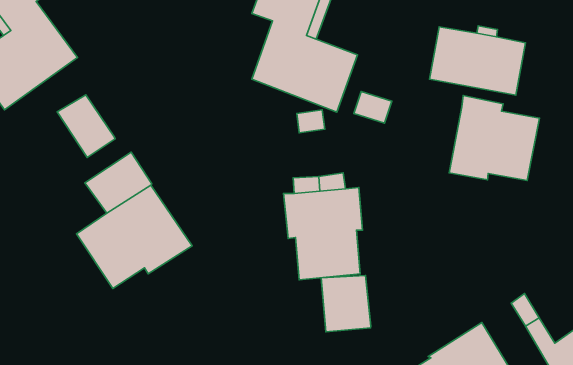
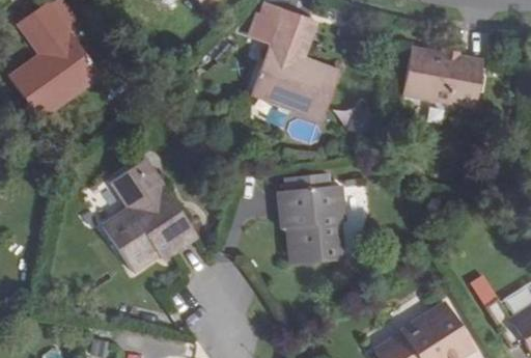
building: [57,95,115,157] -> none
building: [449,95,539,181] -> none
building: [321,276,371,332] -> none

